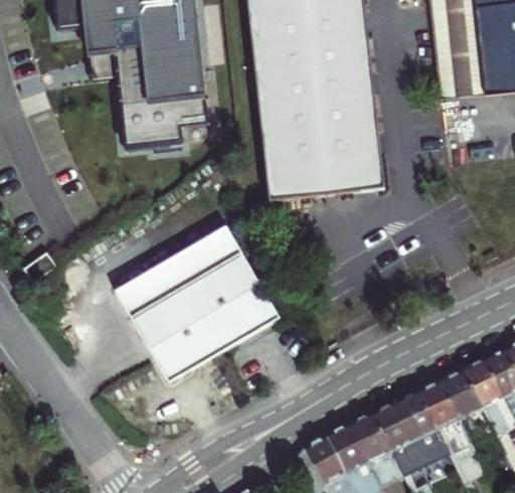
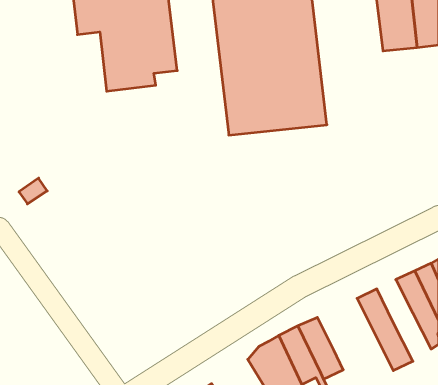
building: [118,228,281,381] -> none
building: [442,366,484,417] -> none
building: [372,388,450,474] -> none

